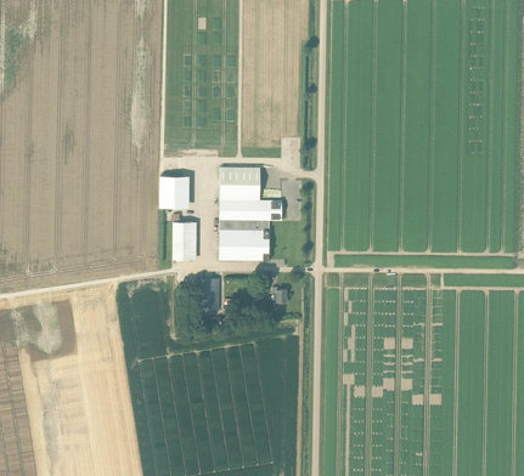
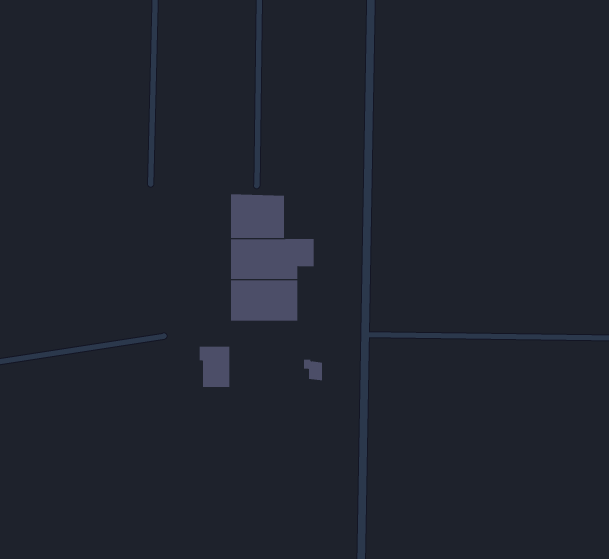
building: [159,176,188,208] -> none
building: [171,222,196,261] -> none

